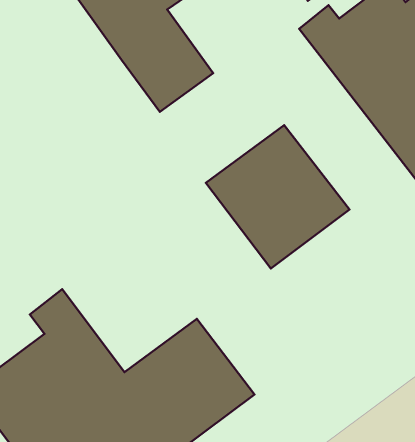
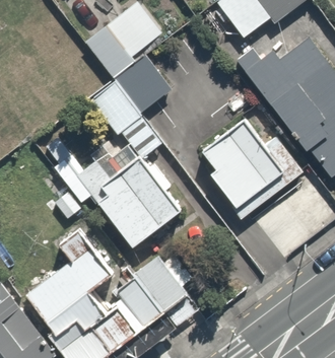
building: none -> [92,77,157,151]
building: none -> [72,161,159,248]

